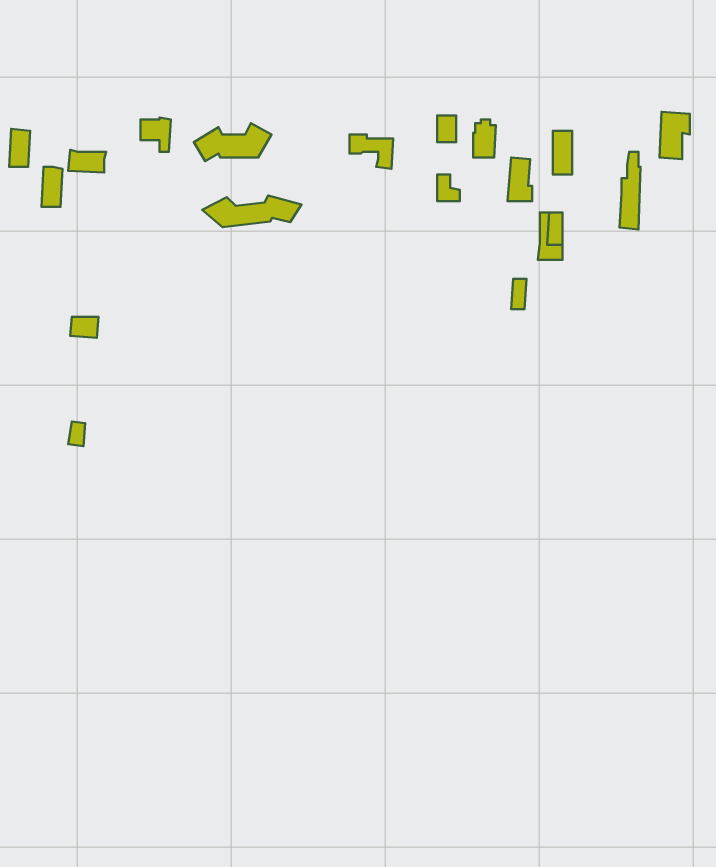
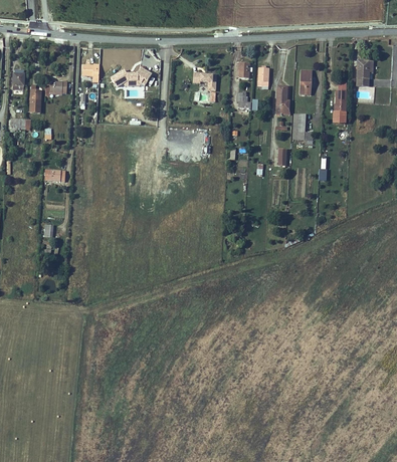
building: [202,195,302,227] -> none

